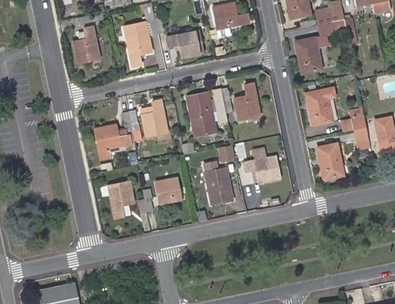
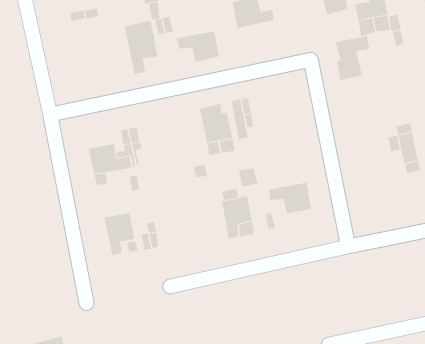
building: [73,26,99,63] -> none
building: [233,82,259,118] -> none
building: [309,87,336,124] -> none
building: [140,100,166,136] -> none
building: [320,143,343,177] -> none
building: [155,177,181,203] -> none

